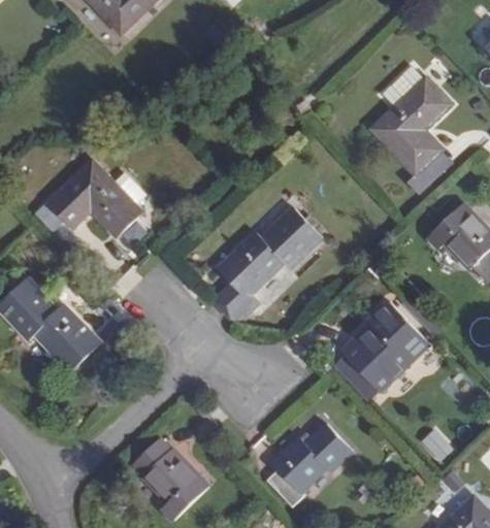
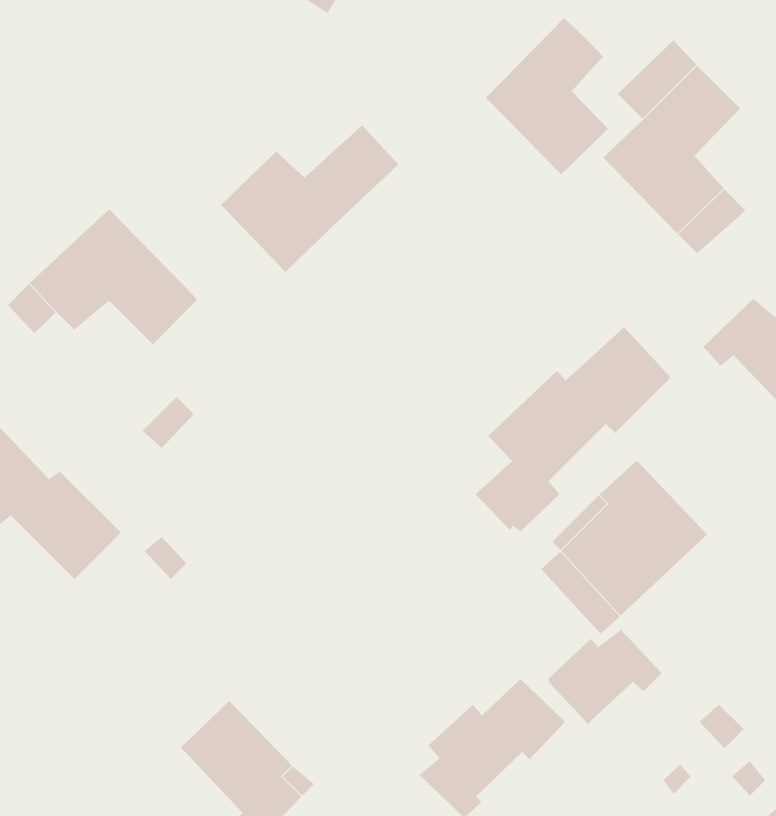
building: none -> [485,17,609,175]
building: none -> [220,124,399,273]
building: [209,207,321,324] -> [475,327,671,532]
building: none -> [547,629,663,726]

